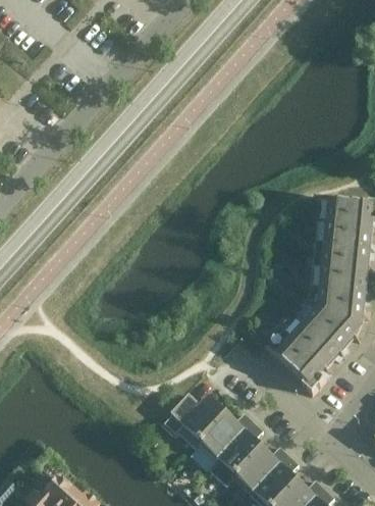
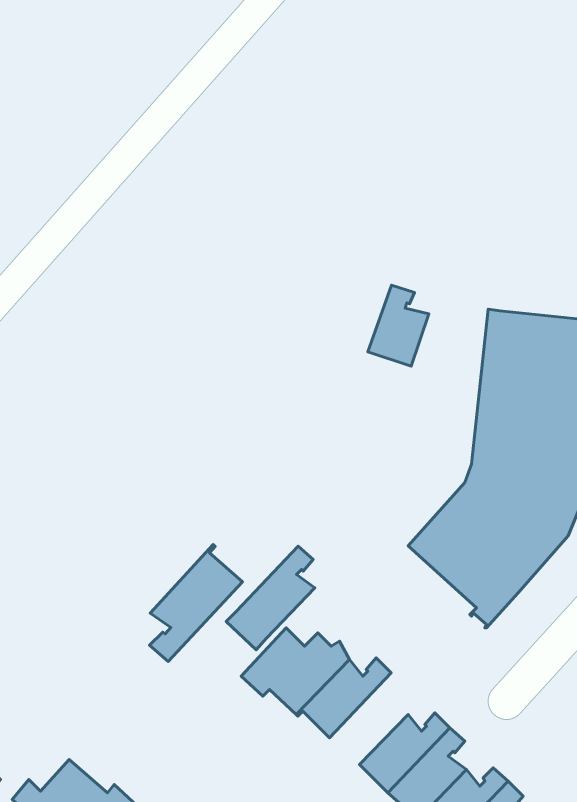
building: none -> [368,285,429,366]
building: none -> [150,545,242,662]
building: [210,421,264,485] -> [226,546,315,650]

